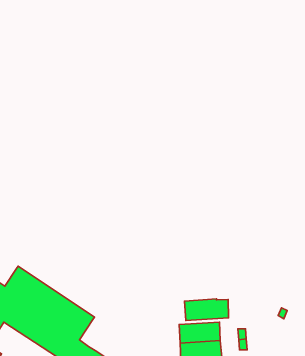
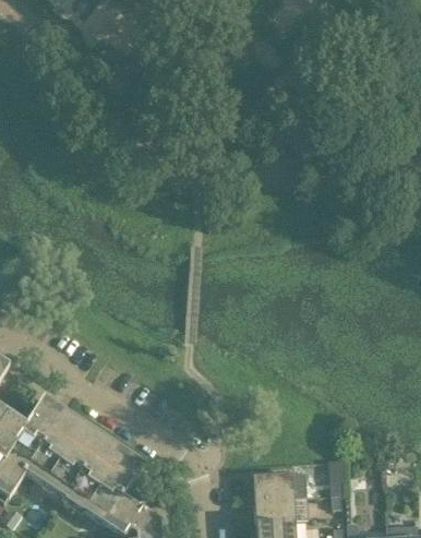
building: [184,299,229,321] -> none

